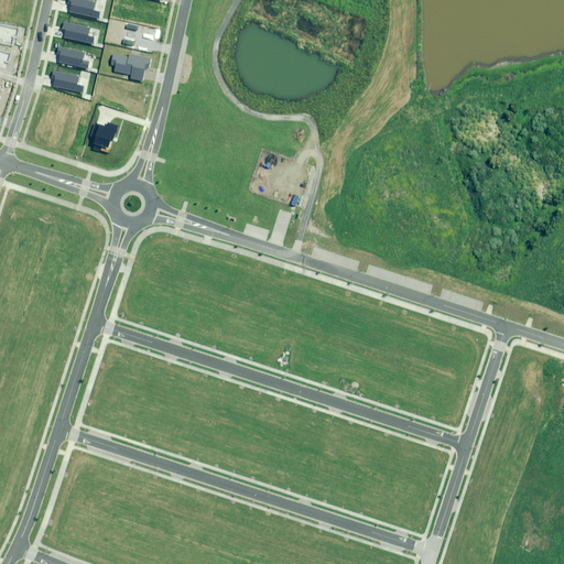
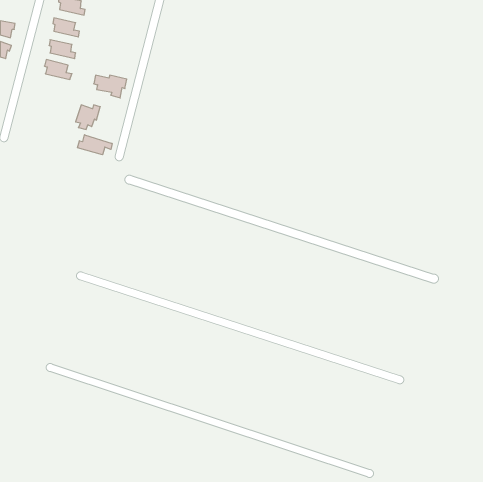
building: [111,54,150,80] -> [94,75,127,98]
building: none -> [78,135,112,155]

